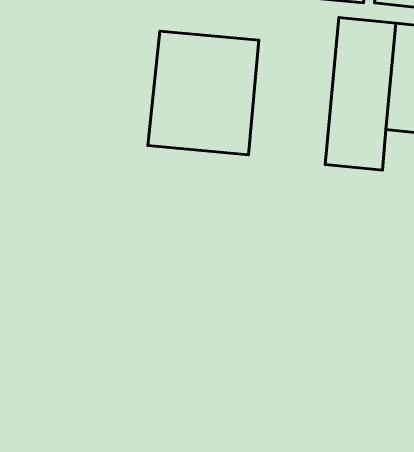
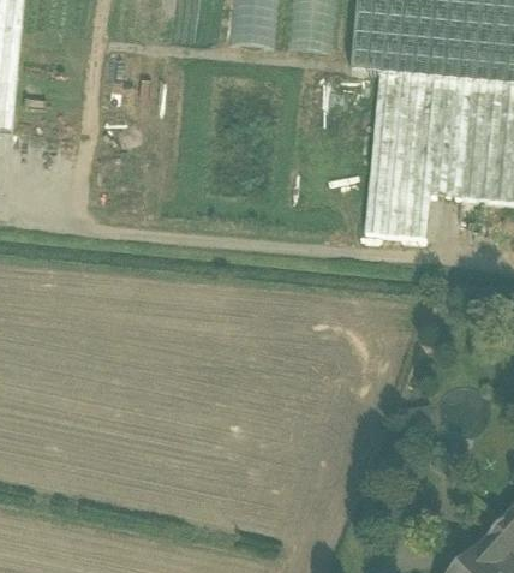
building: [148,31,259,155] -> none

